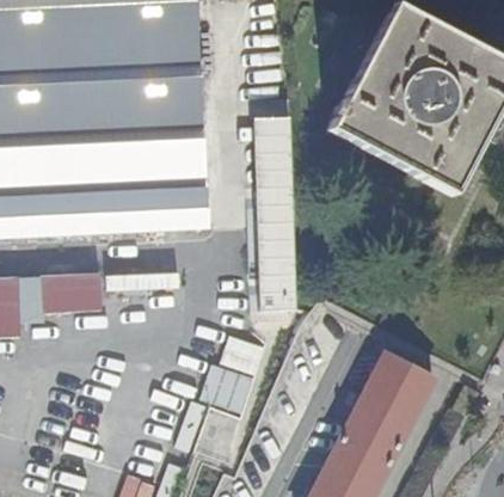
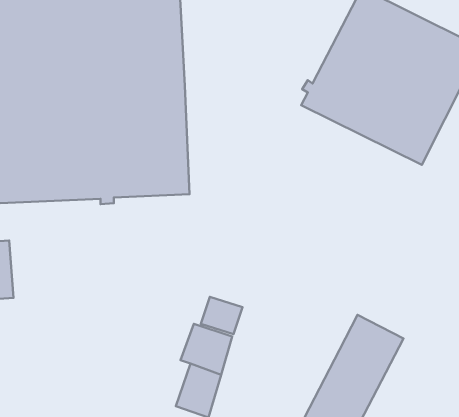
building: [253,115,297,309] -> none
building: [42,270,103,313] -> none

